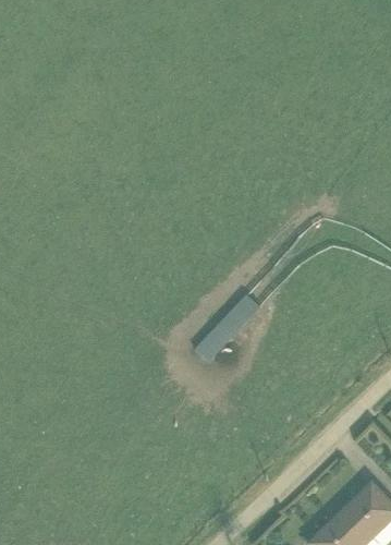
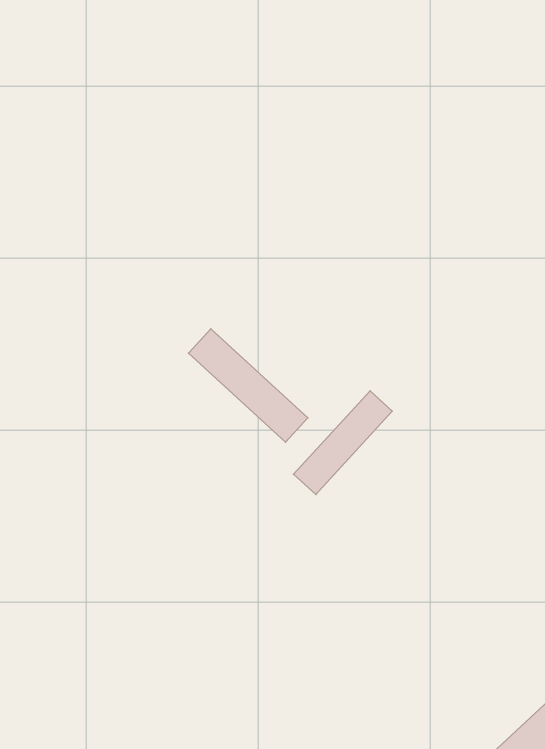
building: none -> [188,329,308,442]

